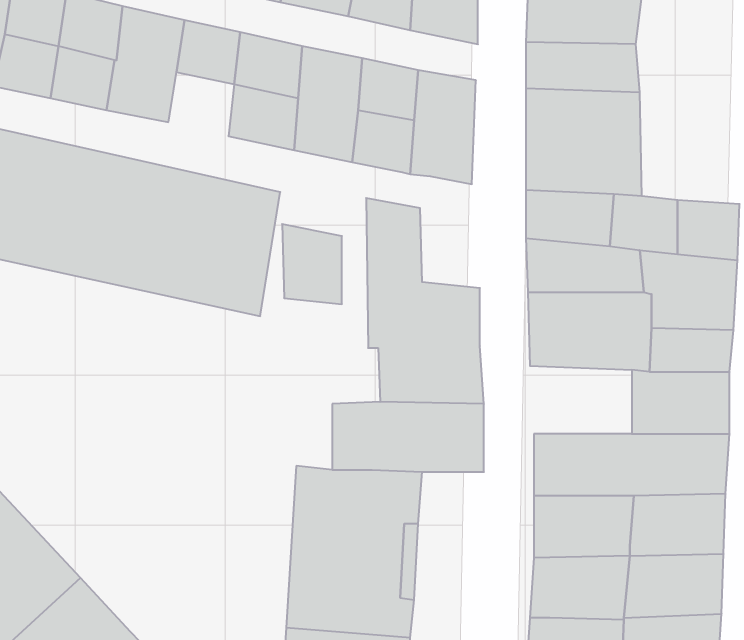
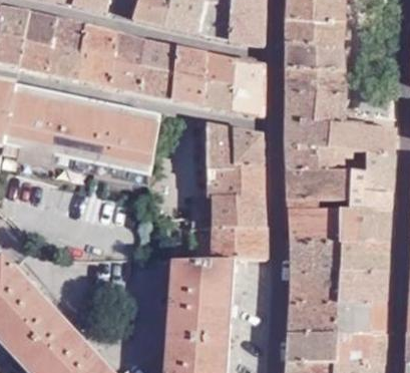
building: none -> [107,60,140,92]
building: [282,224,342,304] -> [234,128,264,168]
building: none -> [289,208,340,242]

